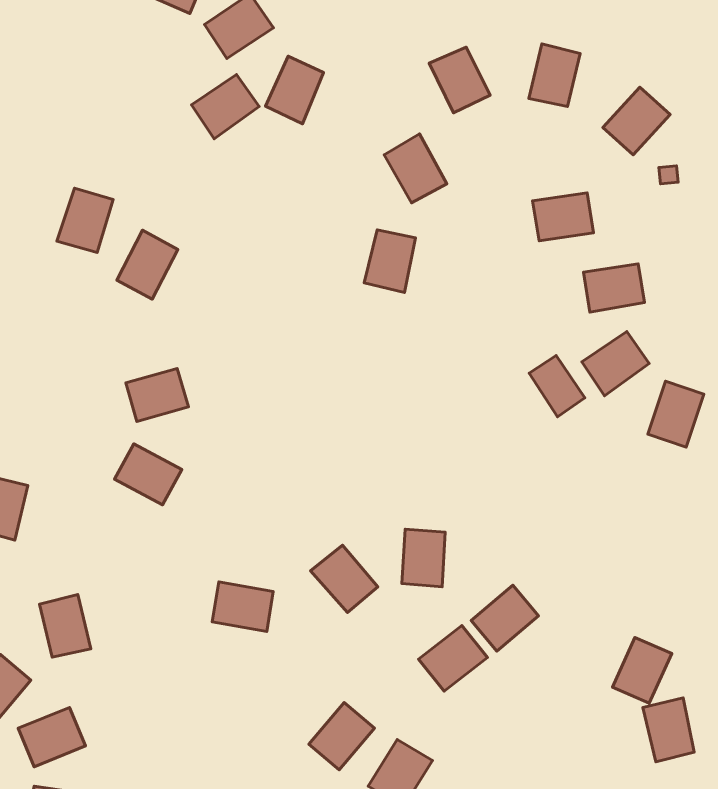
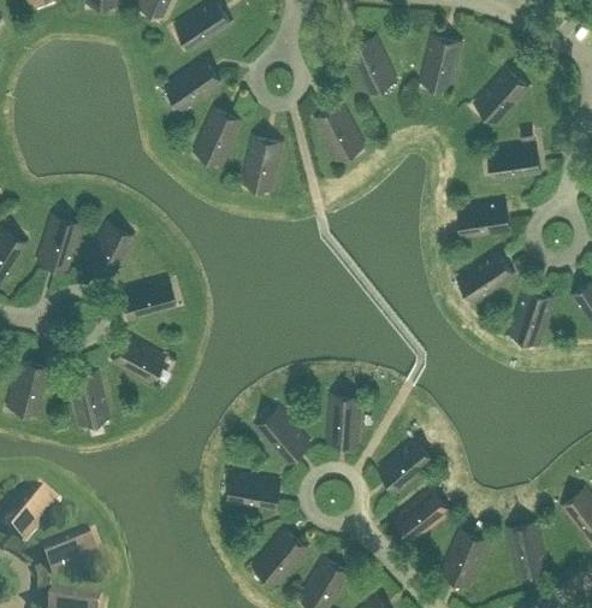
building: [266,56,323,124] -> [197,110,241,160]
building: [57,188,113,252] -> [36,222,78,270]
building: [533,193,594,241] -> [493,144,539,181]
building: [364,230,416,292] -> [243,138,282,185]
building: [117,230,178,299] -> [84,228,130,279]
building: [529,356,585,417] -> none
building: [212,582,273,632] -> [233,474,279,512]
building: [39,594,91,657] -> [67,372,106,419]
building: [419,625,488,691] -> [395,492,446,542]
building: [612,637,672,703] -> [442,536,486,585]

